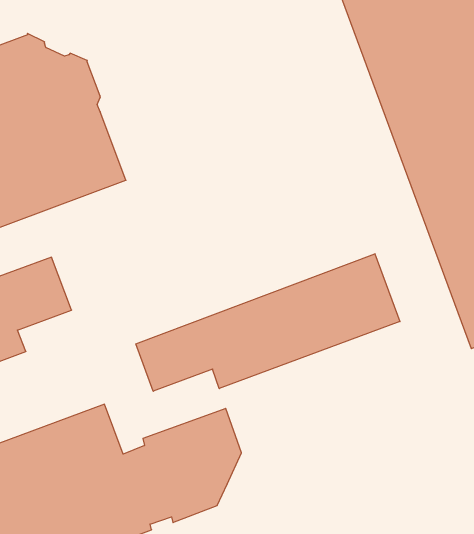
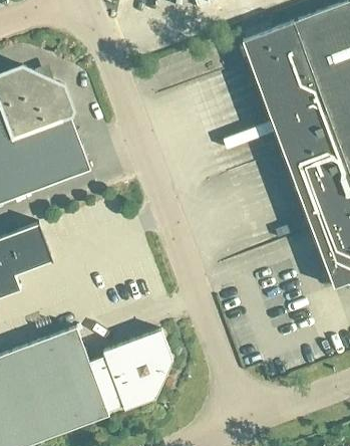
building: [136,254,400,391] -> none

